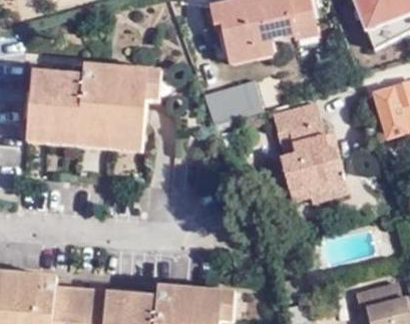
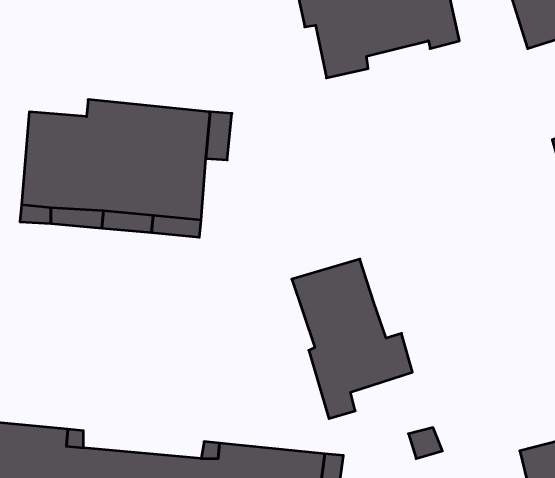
building: [204,80,264,122] -> none
building: [271,102,349,206] -> [292,259,412,419]

